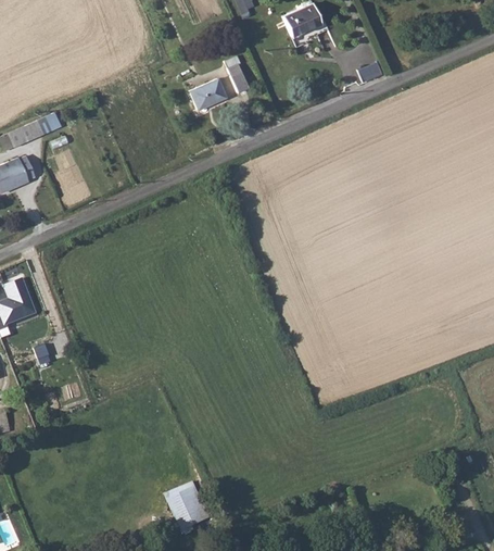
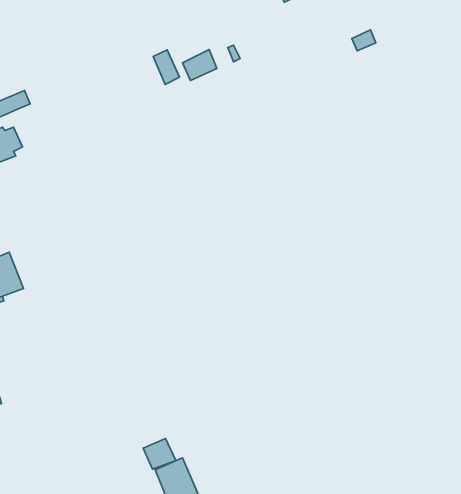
building: none -> [153,50,180,85]
building: none -> [143,439,176,469]

